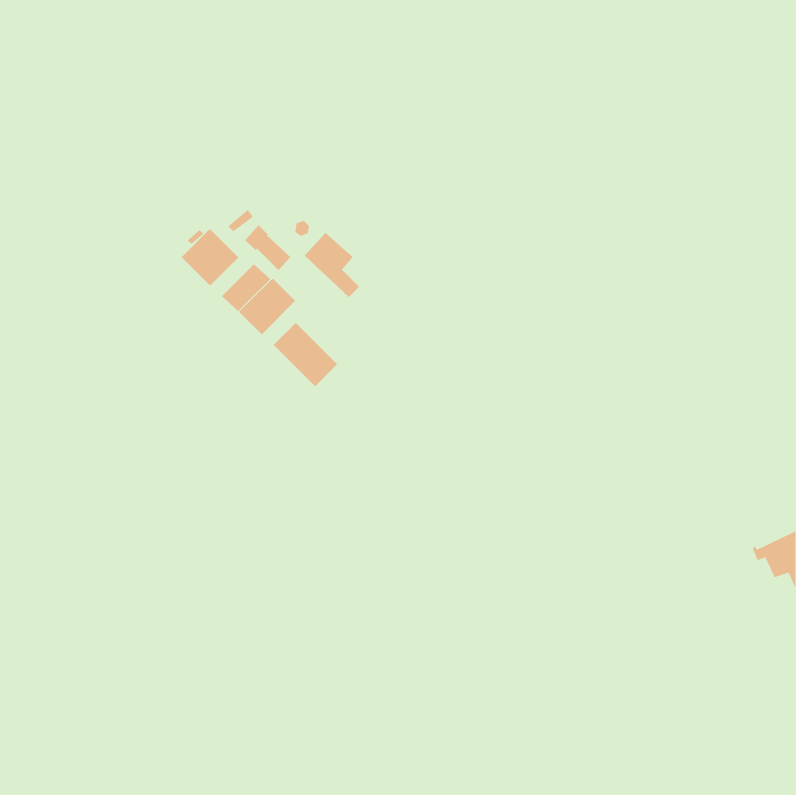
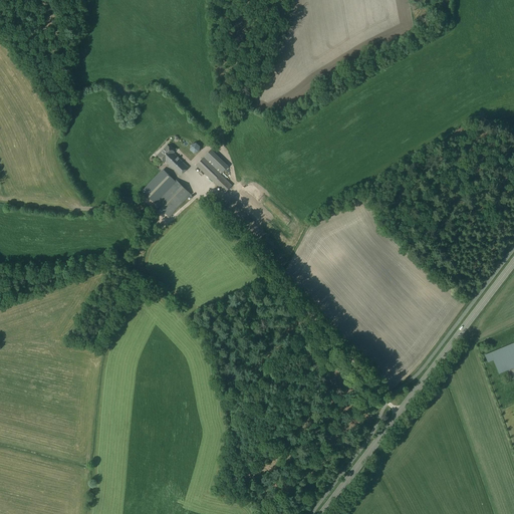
building: [181,228,239,287] -> none
building: [273,322,338,387] -> none

